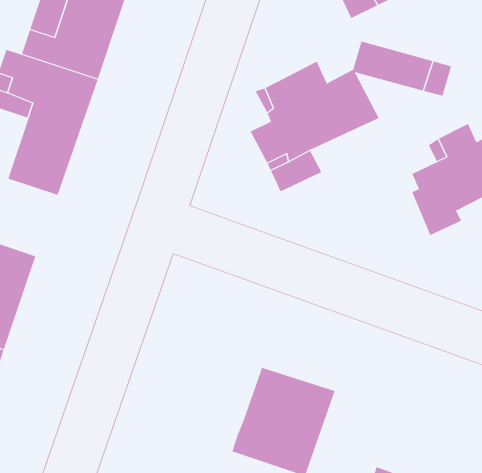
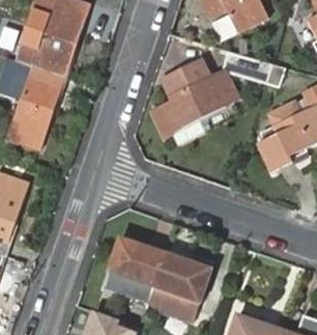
building: none -> [105,236,166,296]

